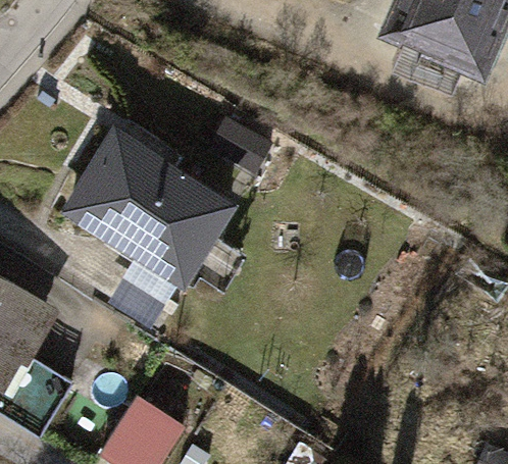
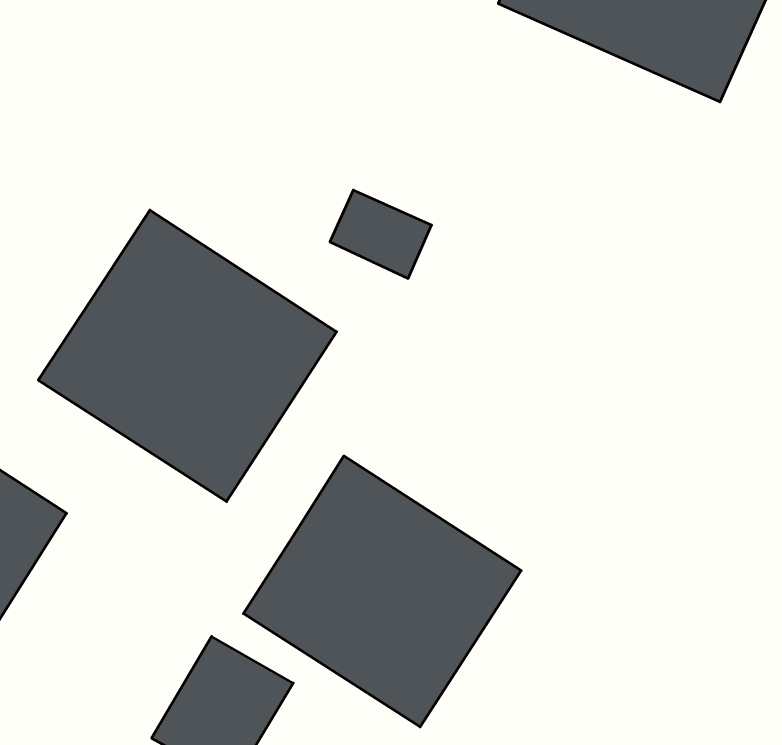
building: none -> [243,456,521,727]

